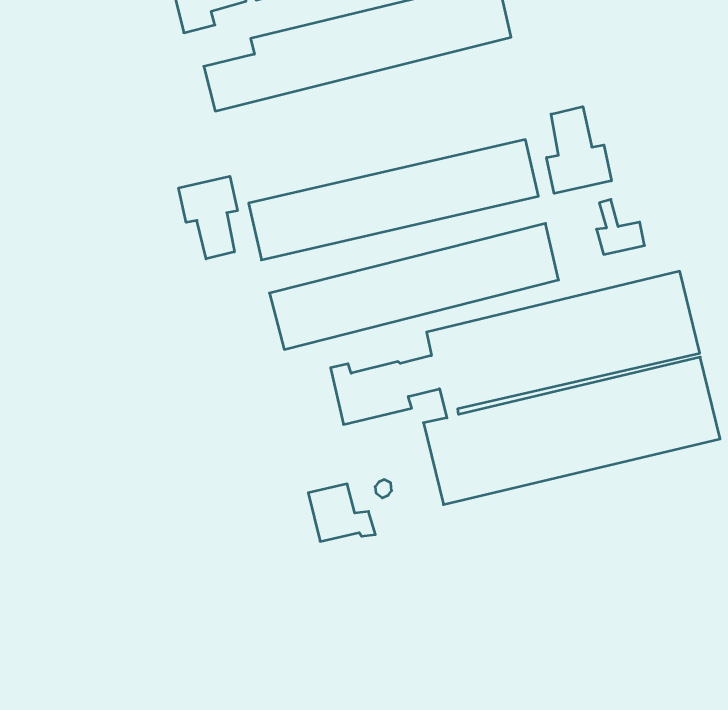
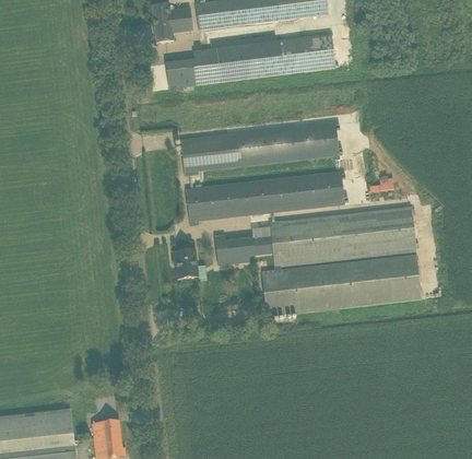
building: [547,107,611,193] -> none
building: [179,176,237,259] -> none
building: [308,484,375,541] -> [174,248,208,278]

